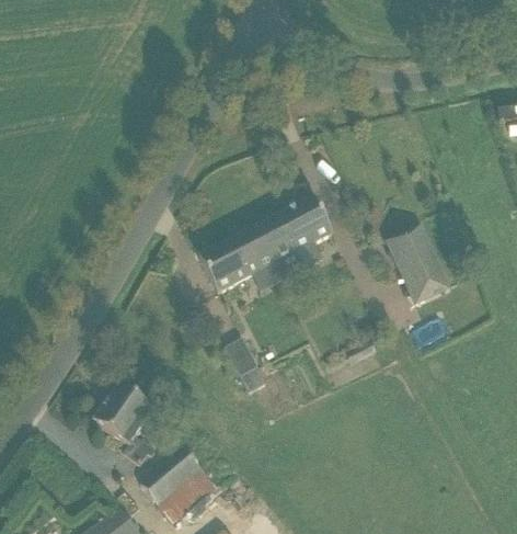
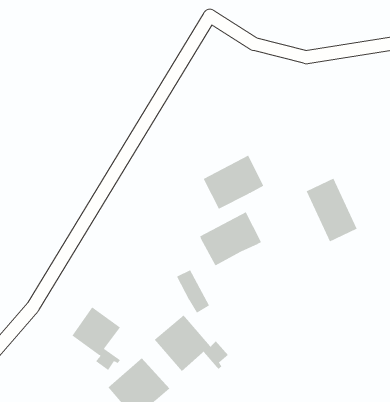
building: [200,224,278,292] -> [199,211,262,266]
building: none -> [154,315,229,372]

